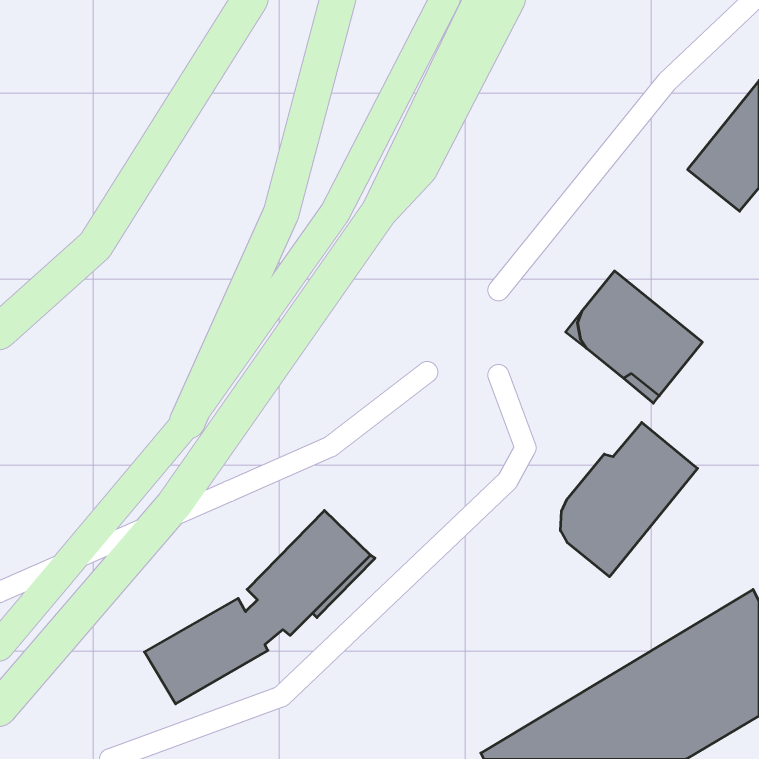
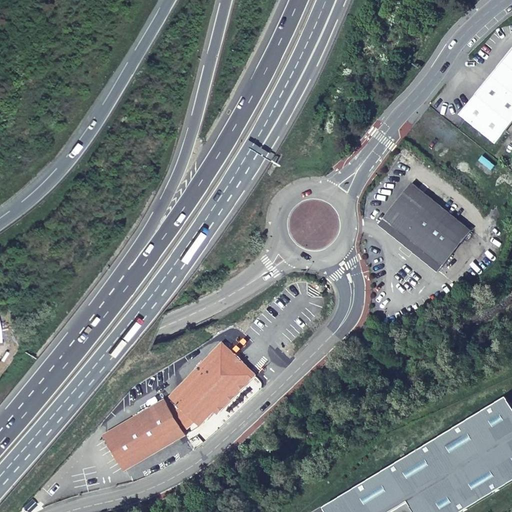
building: [560,422,698,577] -> none

